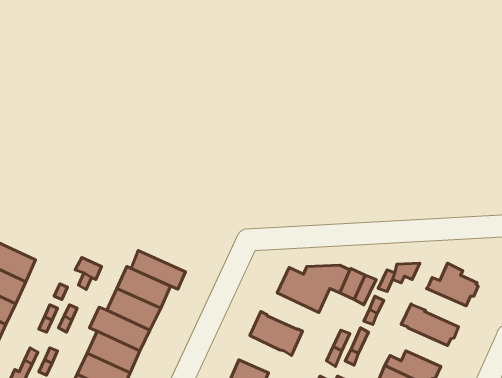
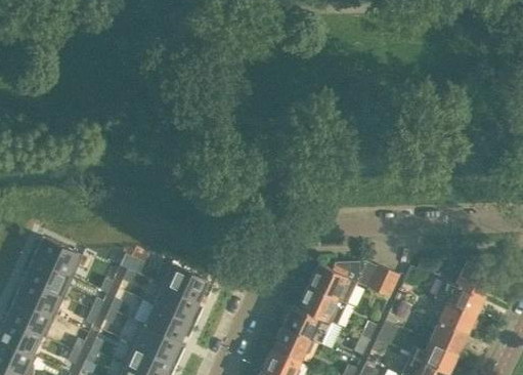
building: [131,250,186,289] -> none
building: none -> [434,277,484,319]
building: none -> [299,287,347,326]
building: none -> [426,320,467,356]
building: none -> [272,327,310,362]

